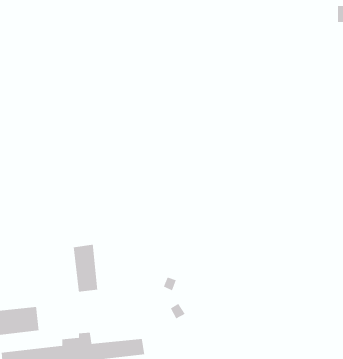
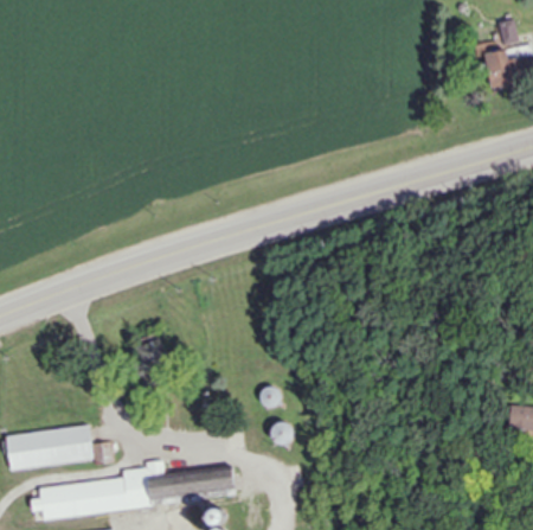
building: [73,244,98,292] -> none

